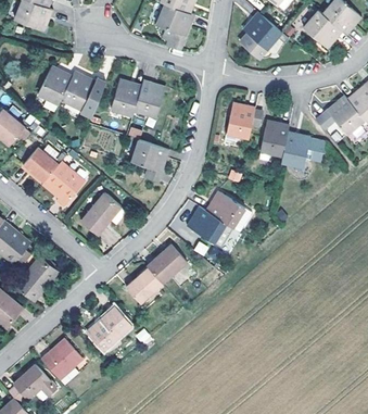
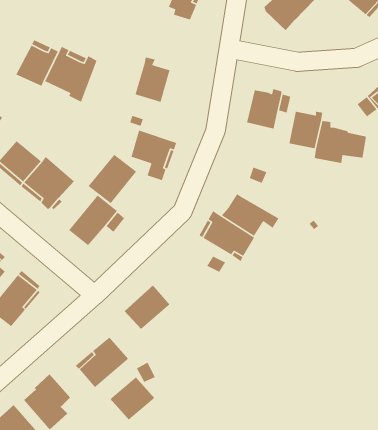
building: [111,83,142,115] -> none
building: none -> [88,154,137,204]
building: [148,244,188,283] -> none
building: none -> [110,377,155,421]

